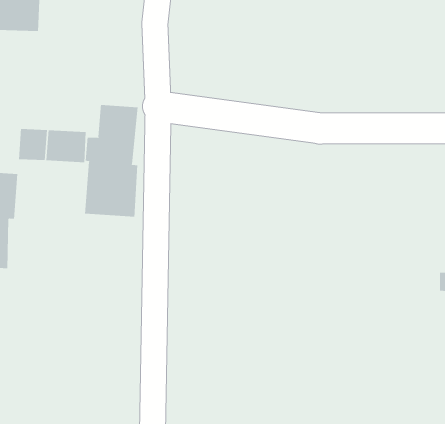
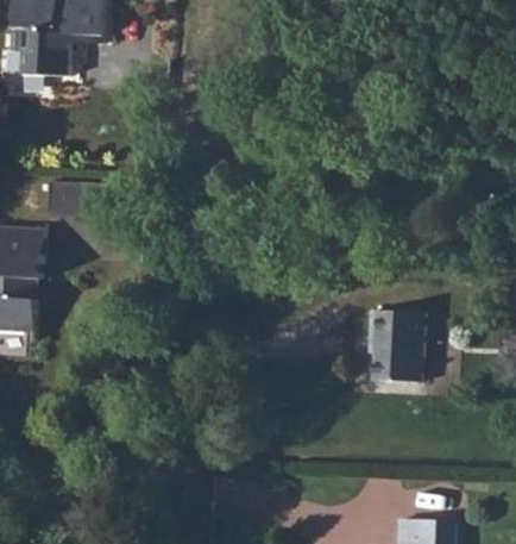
building: [85,104,138,218] -> none
building: none -> [367,311,421,383]

